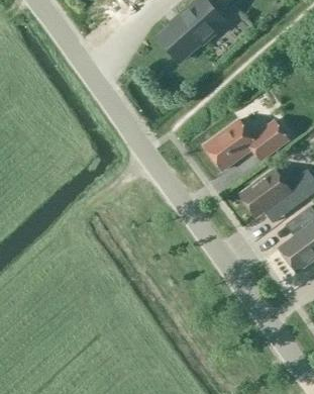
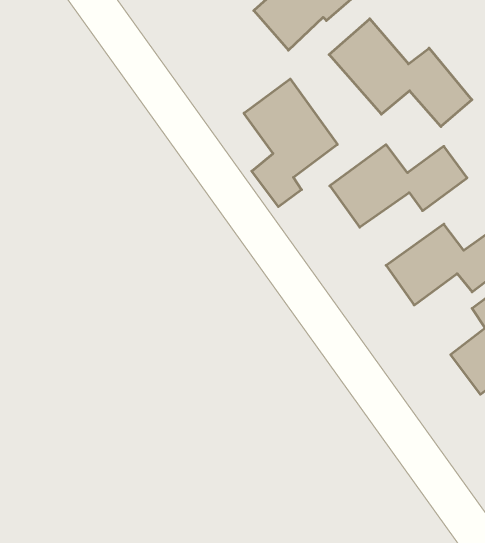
building: none -> [329,19,472,127]
building: none -> [244,79,337,207]

